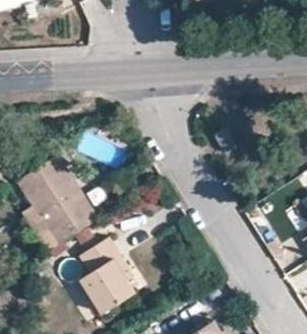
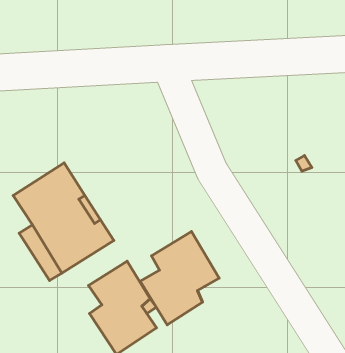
building: none -> [140,232,219,325]

